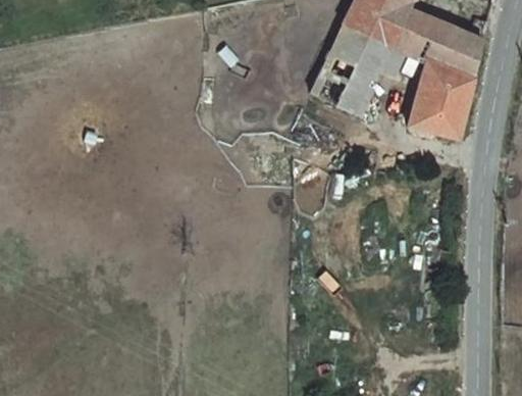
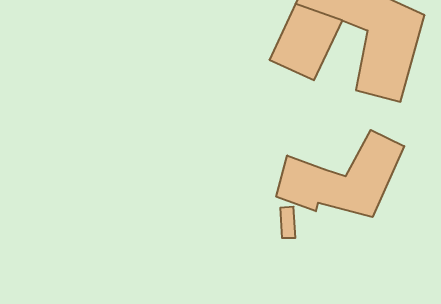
building: none -> [276,130,404,217]

